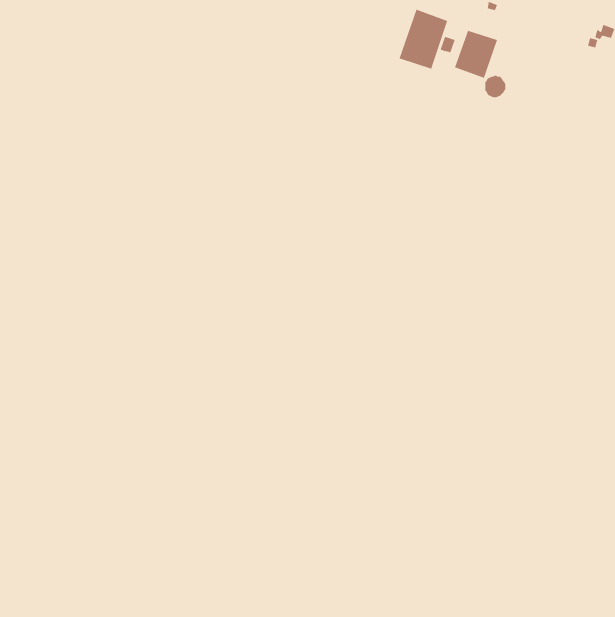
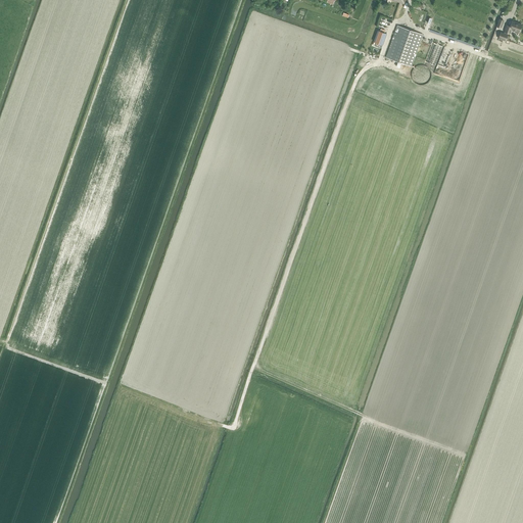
building: [399,9,448,69] -> none

